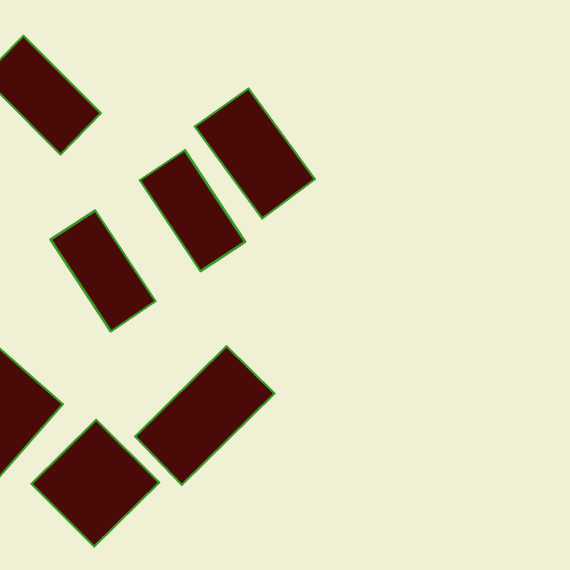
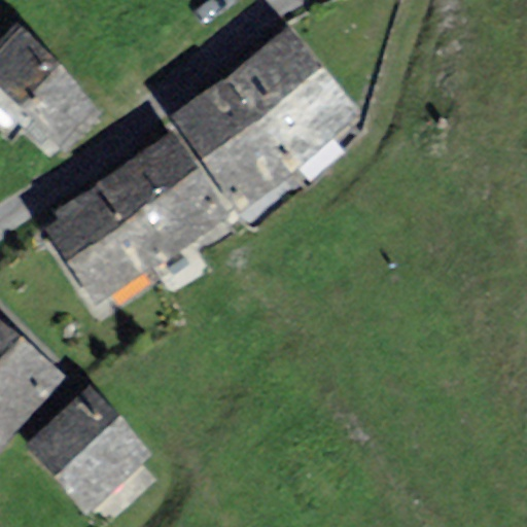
building: none -> [229,36,352,165]
building: none -> [87,166,184,277]
building: [135,346,275,485] -> none

